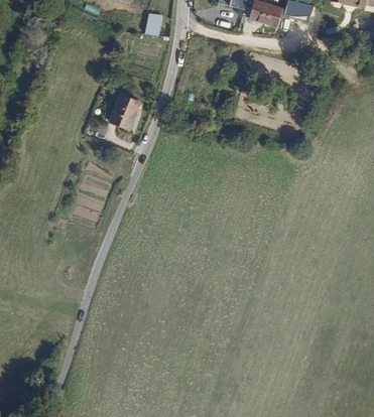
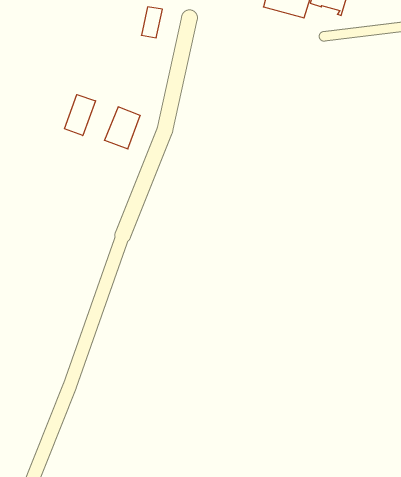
building: none -> [65,95,96,136]

